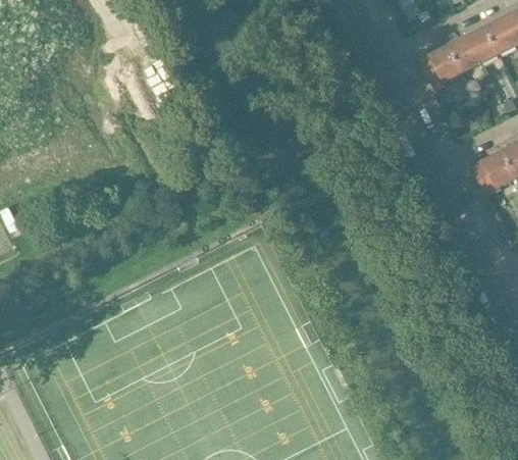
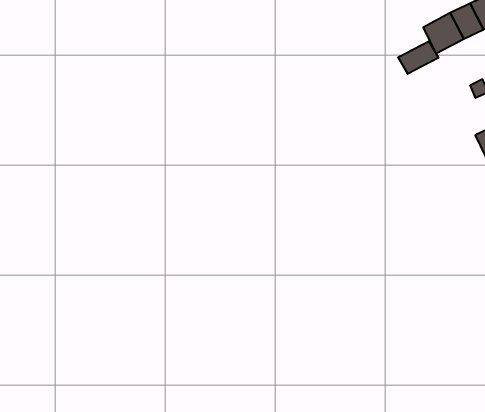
building: none -> [398,41,438,74]

